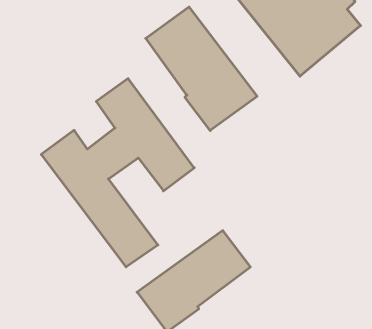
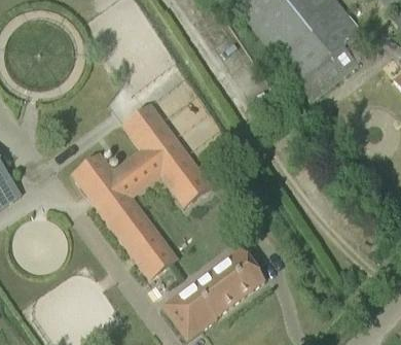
building: [146,7,257,131] -> none

